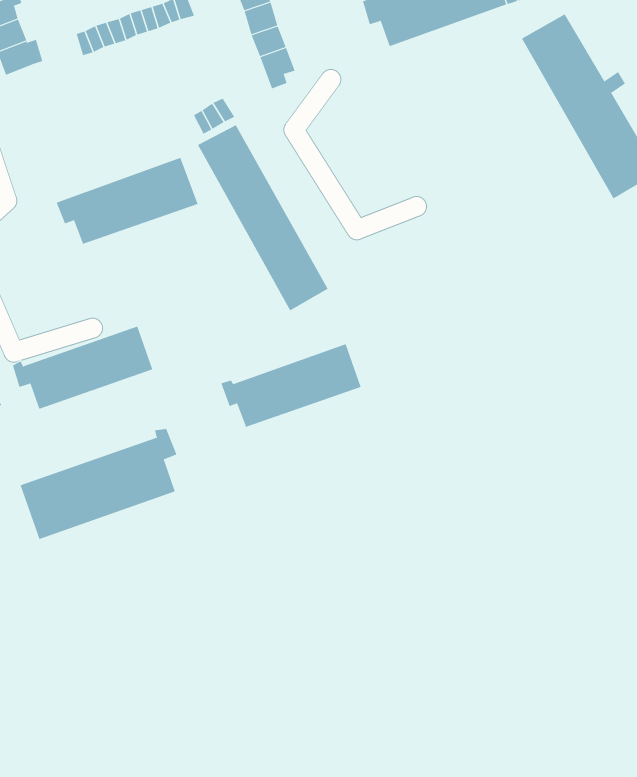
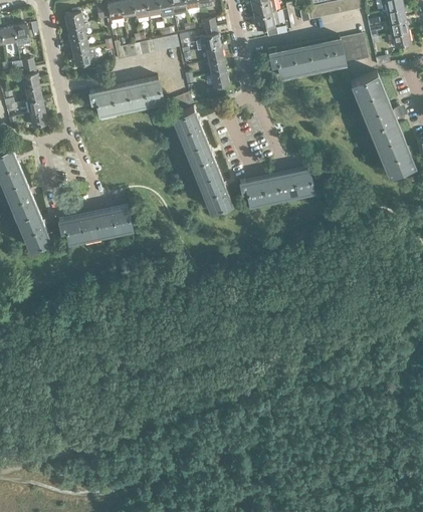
building: [56,157,199,244] -> [87,77,163,116]
building: [220,344,362,427] -> [238,170,312,207]
building: [20,428,177,540] -> none

